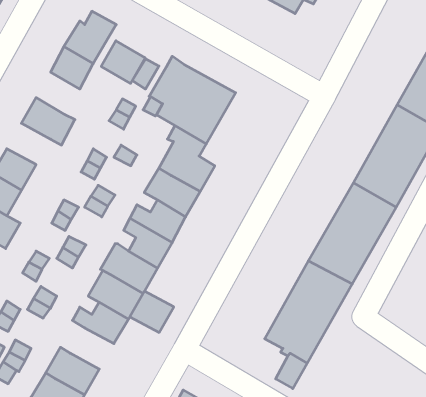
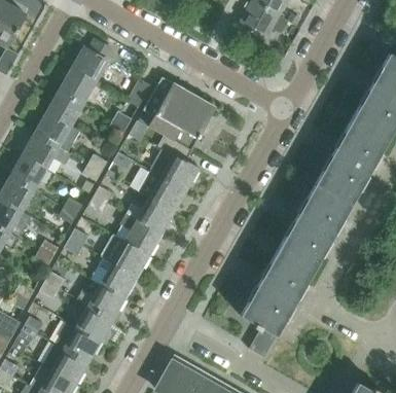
building: [101,41,145,83] -> [47,90,84,126]
building: none -> [23,133,71,168]
building: [130,291,174,332] -> [76,306,113,341]

